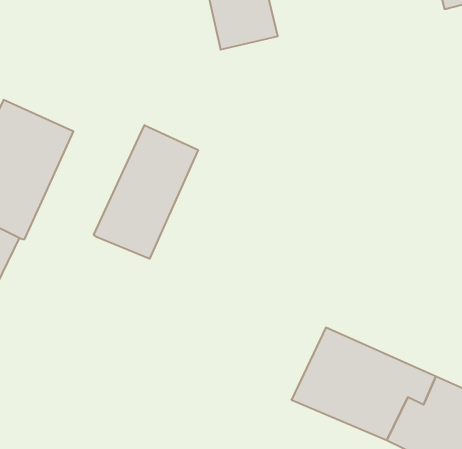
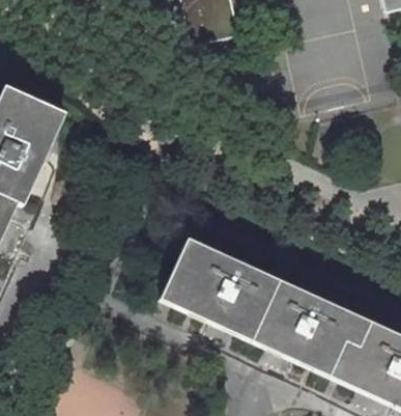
building: [94,125,198,259] -> none
building: none -> [161,238,279,340]

